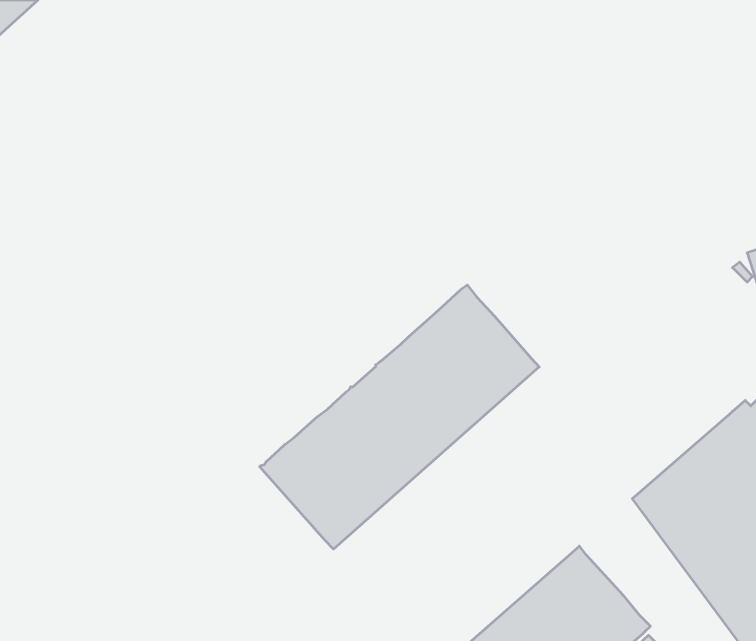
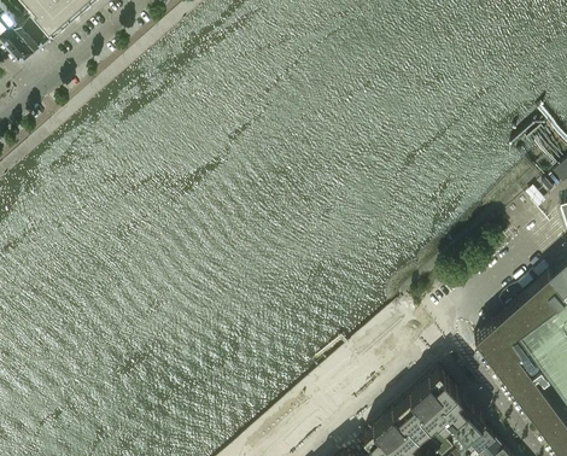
building: [260,285,539,549] -> none

